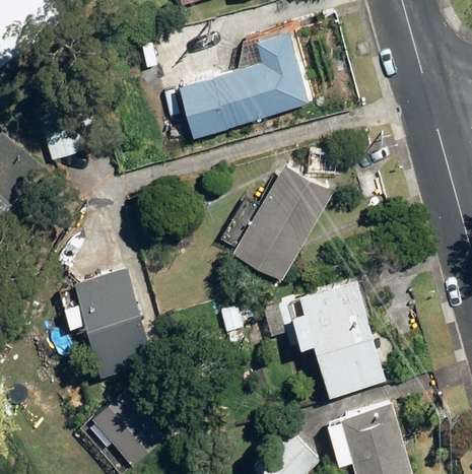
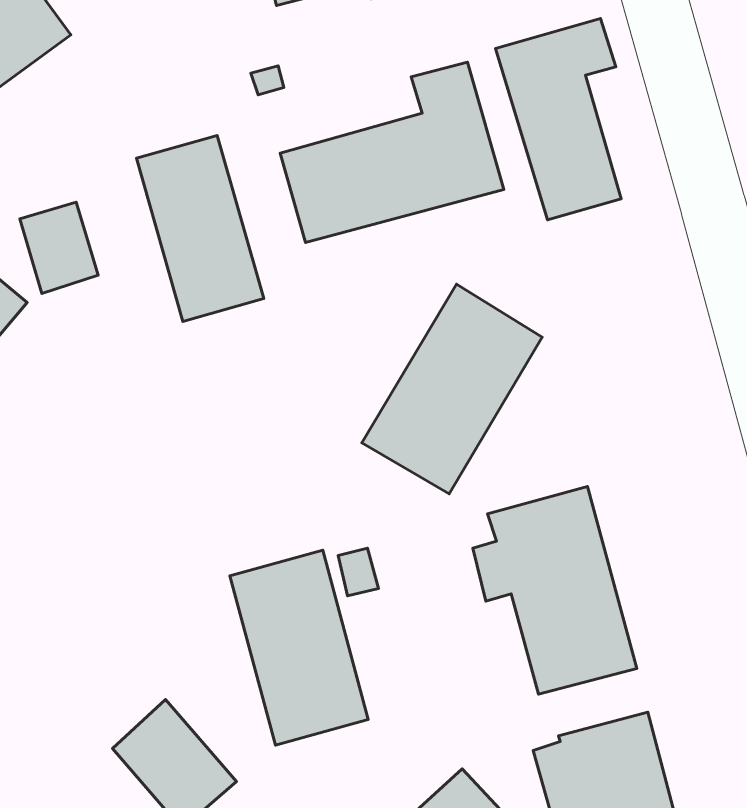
building: none -> [495,18,621,220]
building: none -> [136,135,264,321]
building: [72,265,149,374] -> [230,550,368,745]

